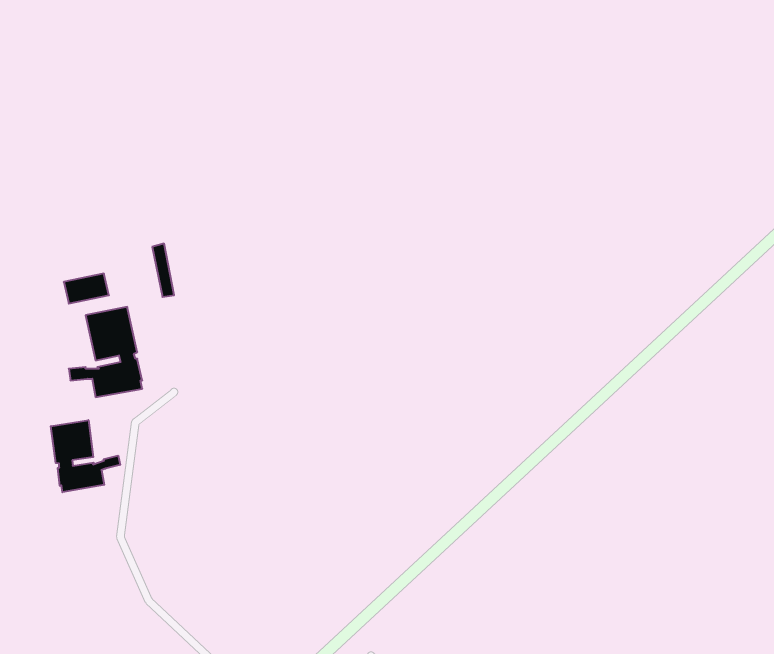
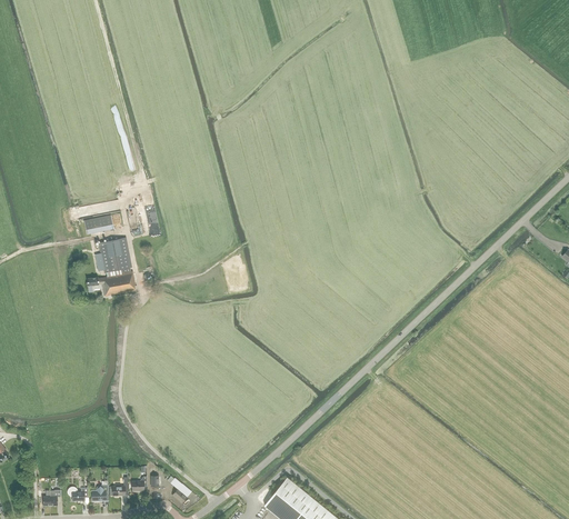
building: [51,420,120,492] -> none

